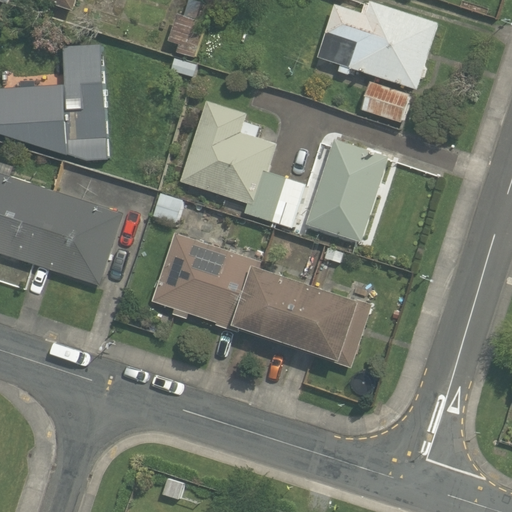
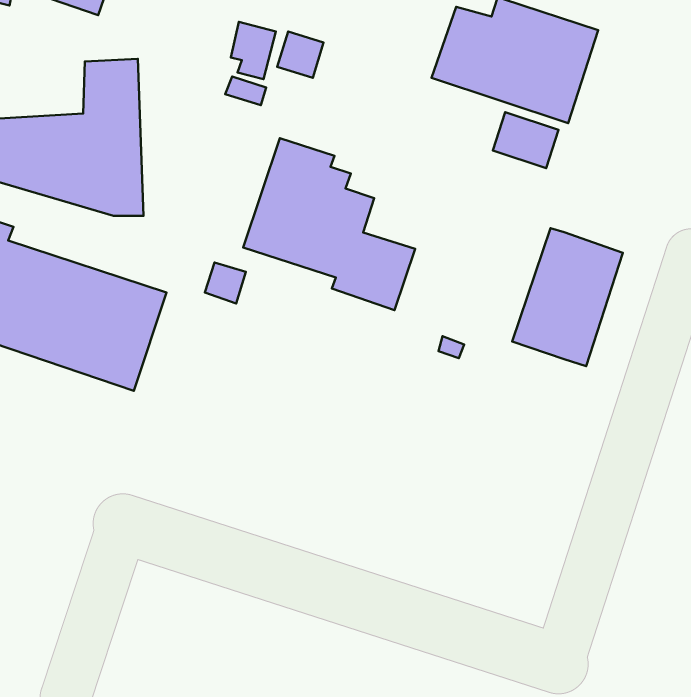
building: [306,140,387,241] -> [512,228,623,366]
building: [150,232,372,367] -> none

